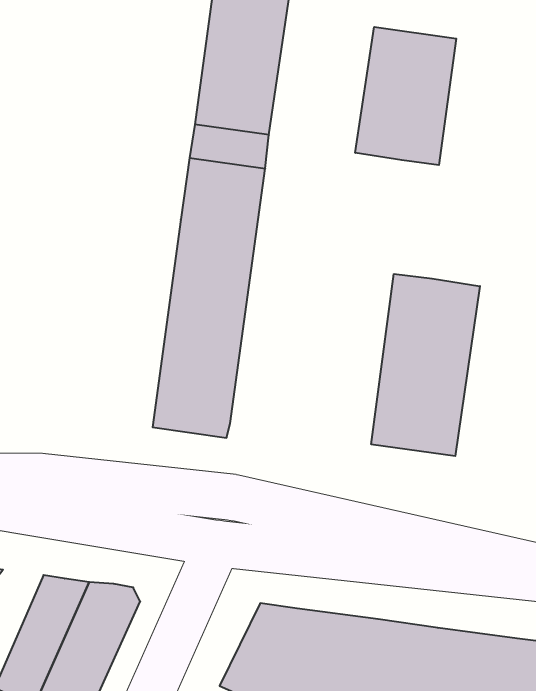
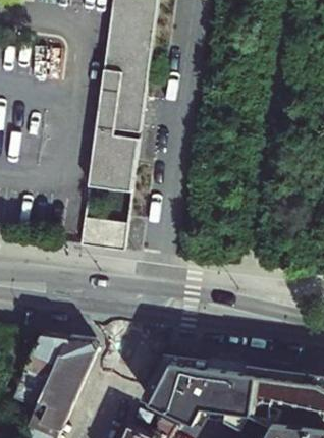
building: [355,27,456,165] -> none
building: [371,274,480,456] -> none

